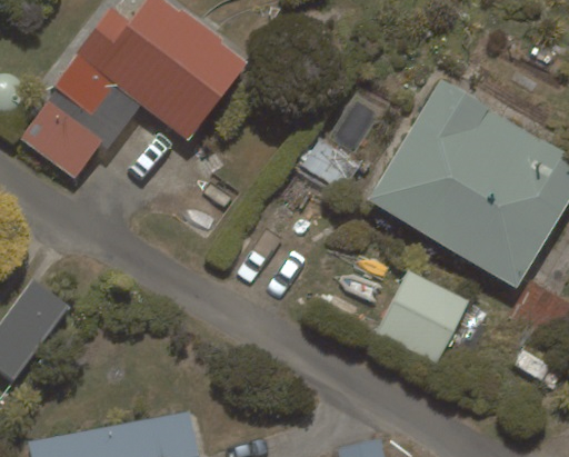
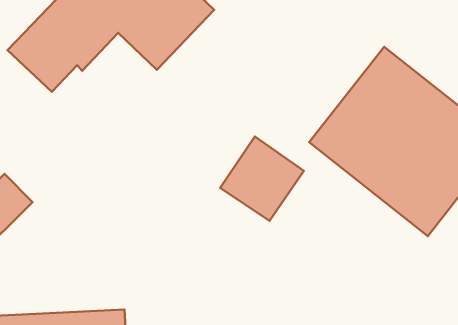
building: [376,270,467,362] -> [220,137,304,221]

